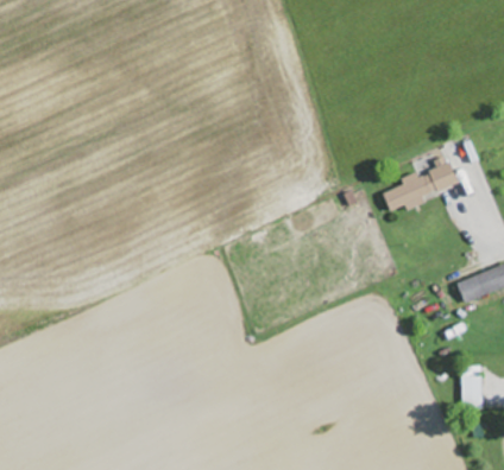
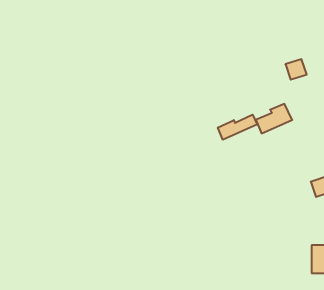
building: [431,163,461,191] -> [285,59,307,80]
building: none -> [218,115,257,140]

